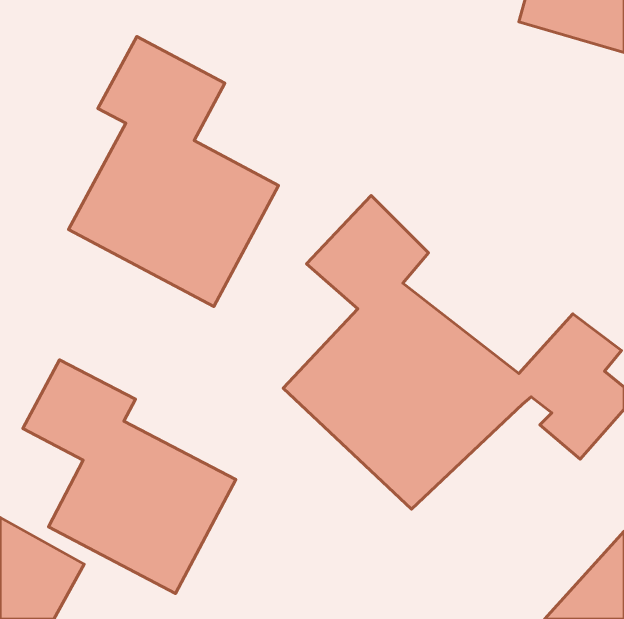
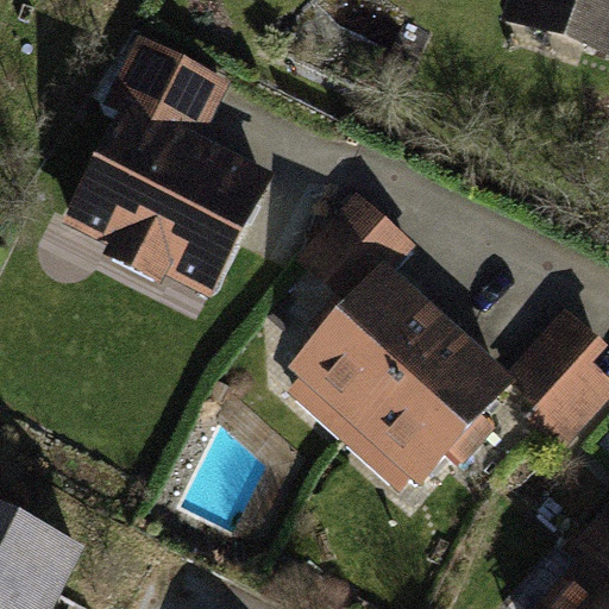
building: [23,360,236,593] -> none

